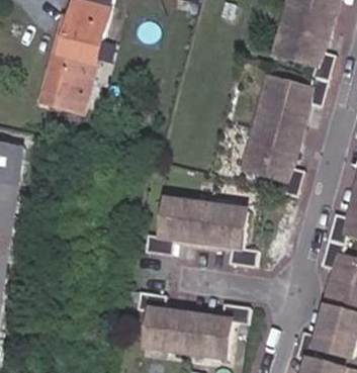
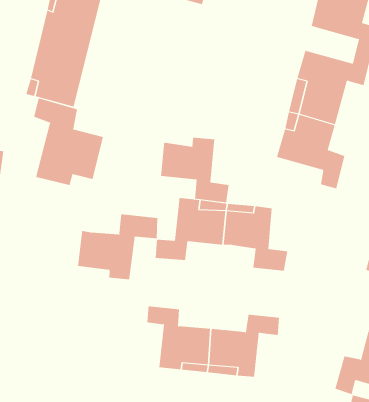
building: none -> [34,97,104,186]
building: none -> [160,137,229,203]
building: none -> [78,214,158,280]

